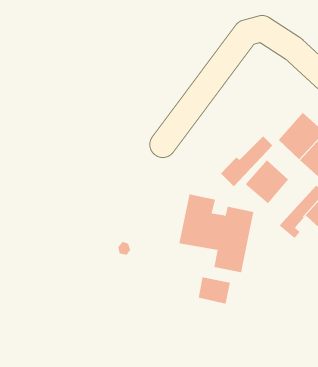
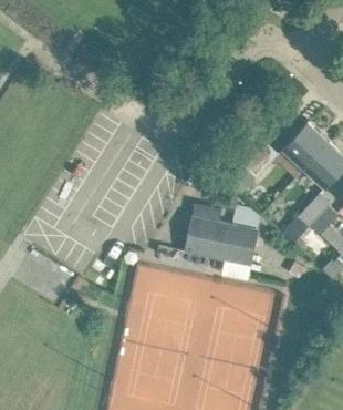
building: [245,159,289,204] -> none
building: [198,276,231,304] -> none

